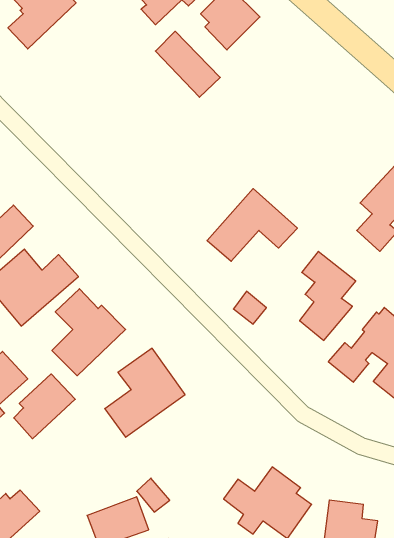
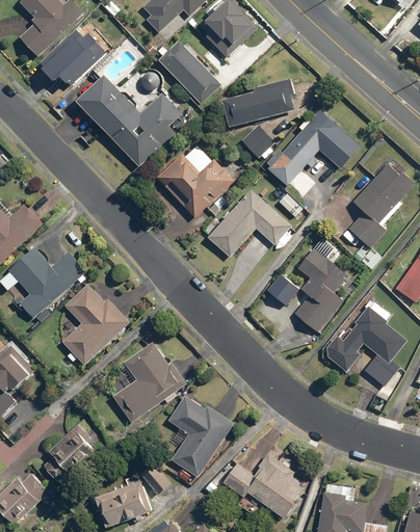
building: none -> [37,29,105,85]
building: none -> [75,75,184,167]
building: none -> [221,78,294,128]
building: none -> [262,108,362,187]
building: none -> [240,125,274,159]
building: none -> [156,154,235,218]
building: [233,291,266,324] -> [267,273,298,304]
building: [14,374,75,439] -> [43,424,101,485]
building: none -> [167,393,234,478]

